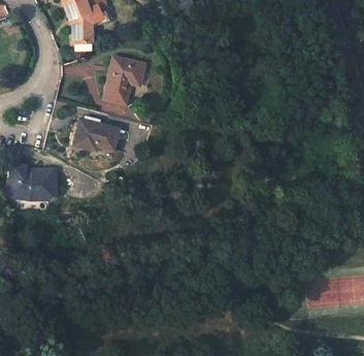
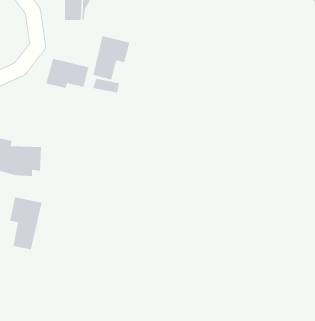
building: [72,119,117,150] -> [46,58,89,89]
building: none -> [10,196,42,250]

